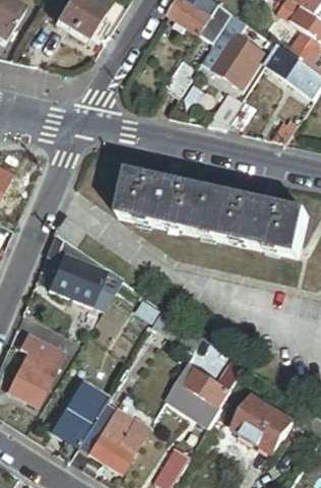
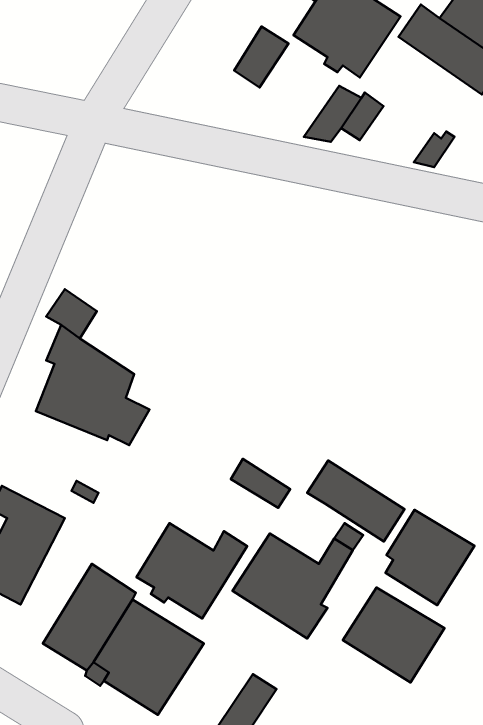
building: [120,175,307,255] -> none
building: none -> [307,460,405,542]
building: none -> [385,510,474,605]
building: none -> [137,523,247,619]

